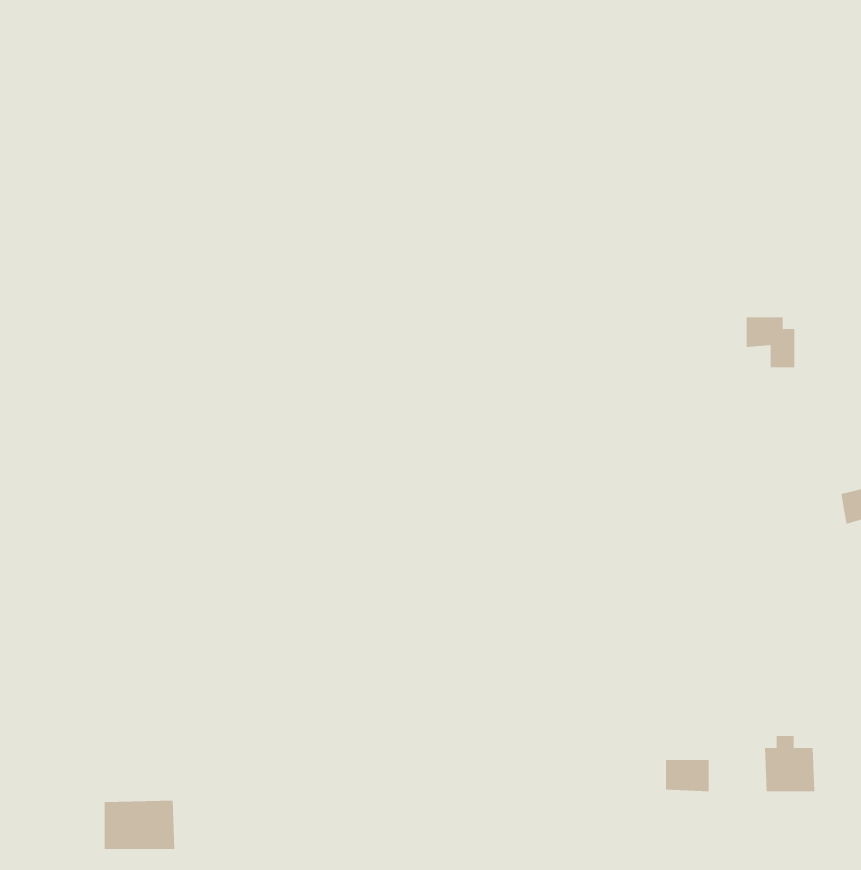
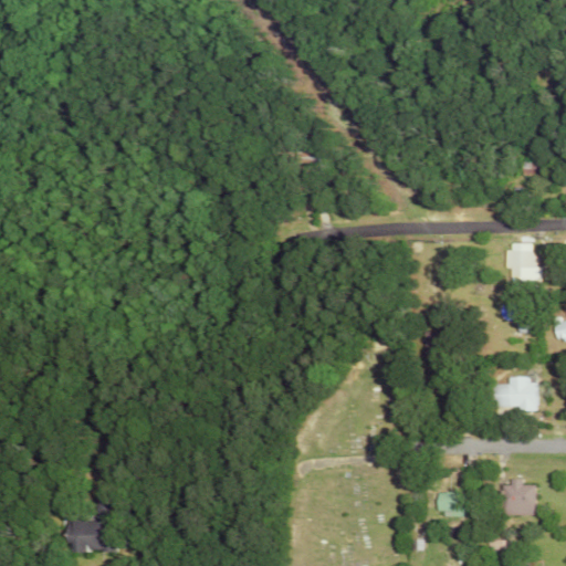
building: [746,317,795,368] -> [506,248,538,281]
building: none -> [493,376,536,411]

